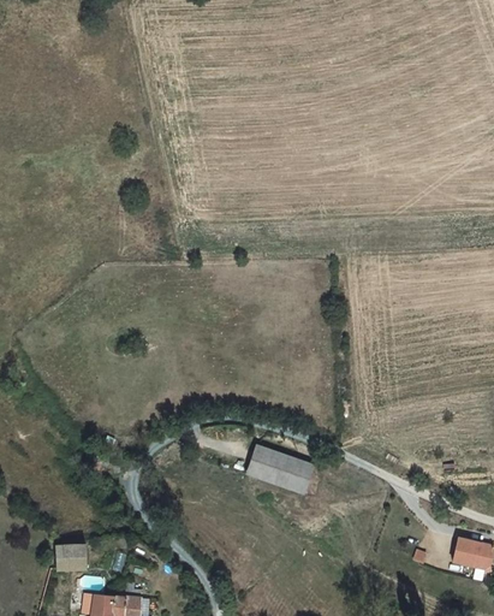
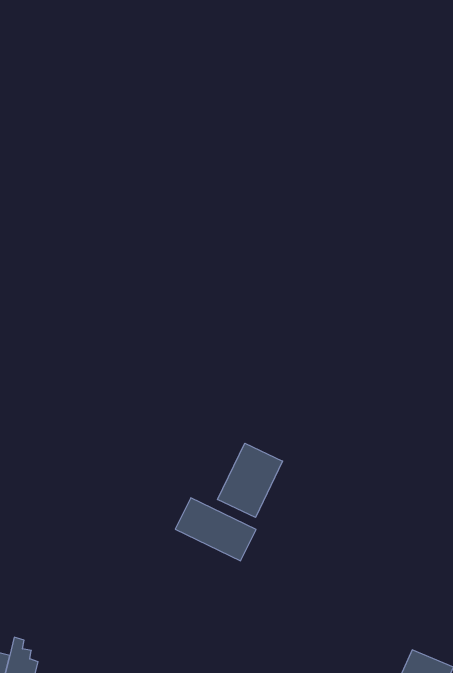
building: none -> [218,443,283,517]

